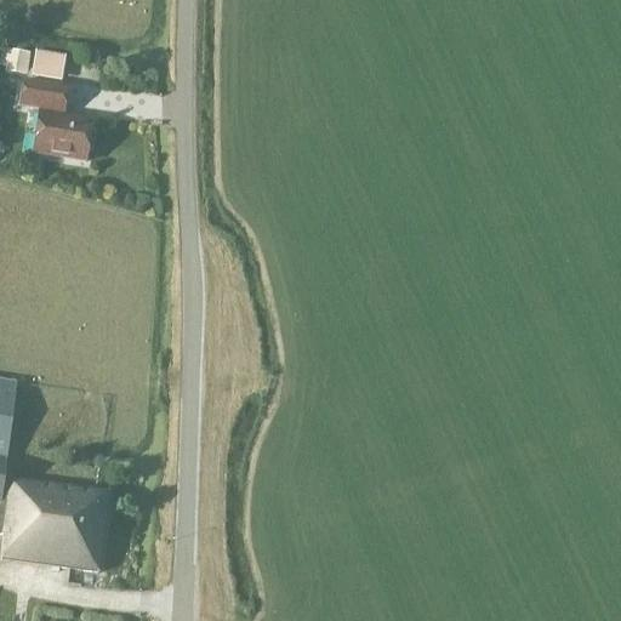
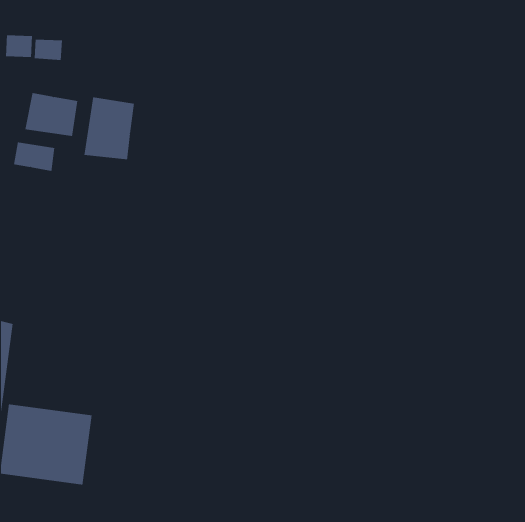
building: [17,79,67,114] -> [13,142,55,172]
building: none -> [84,97,134,160]

